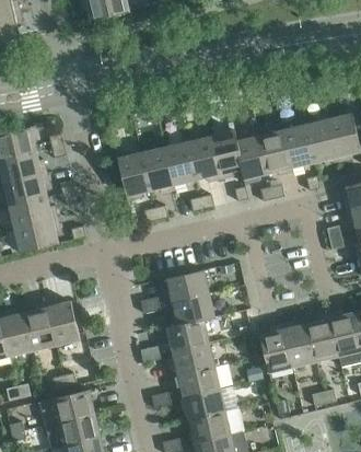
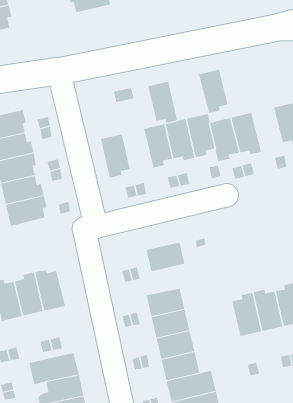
building: [281,124,314,172] -> [198,69,229,114]
building: [141,147,174,193] -> [148,81,178,123]
building: [172,293,214,325] -> none

